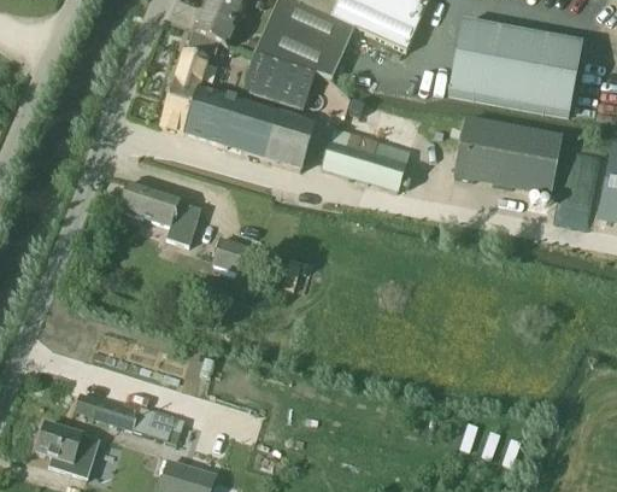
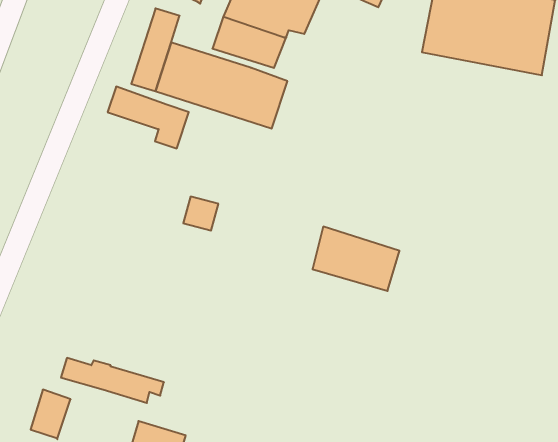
building: [453,117,560,194] -> none
building: [323,125,410,189] -> [312,227,400,291]
building: [119,182,200,244] -> [108,87,189,148]
building: [36,420,72,468] -> none

